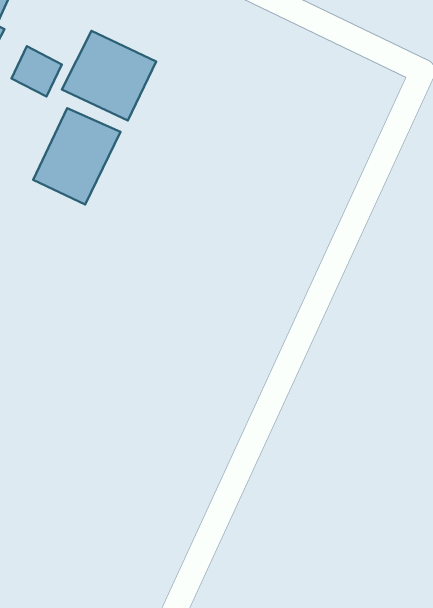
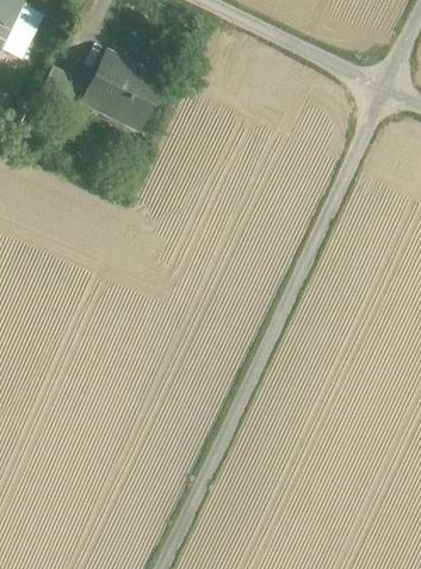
building: [33,108,120,205] -> none

